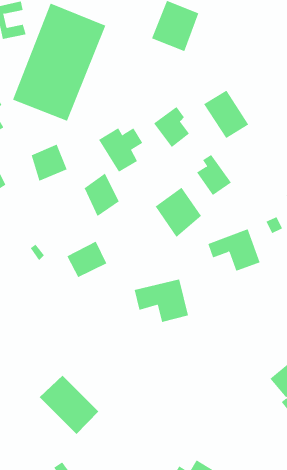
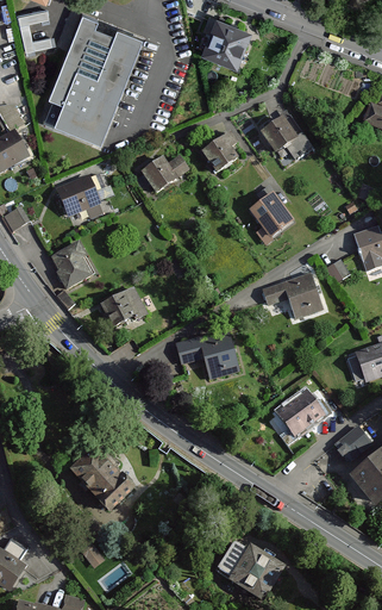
building: [84,173,120,217] -> [51,238,93,290]
building: [155,187,202,238] -> none
building: none -> [275,390,327,438]

